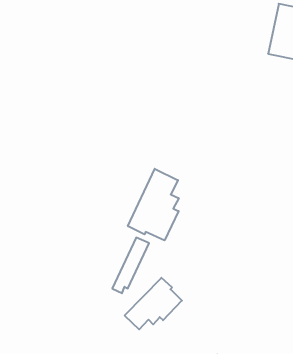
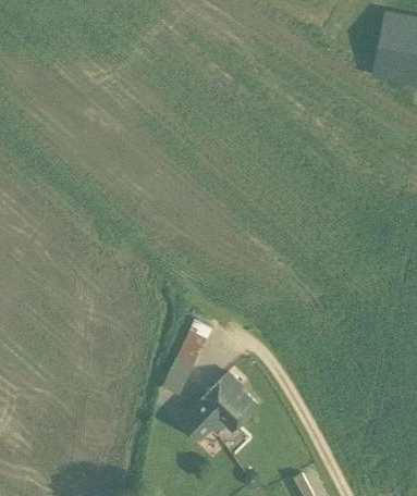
building: [128,169,179,240] -> none

